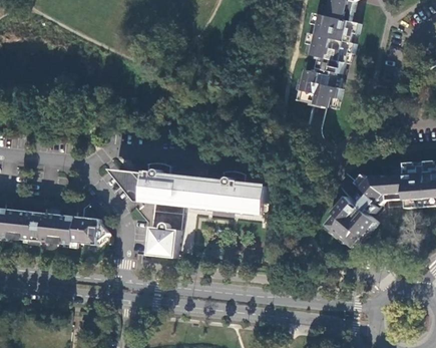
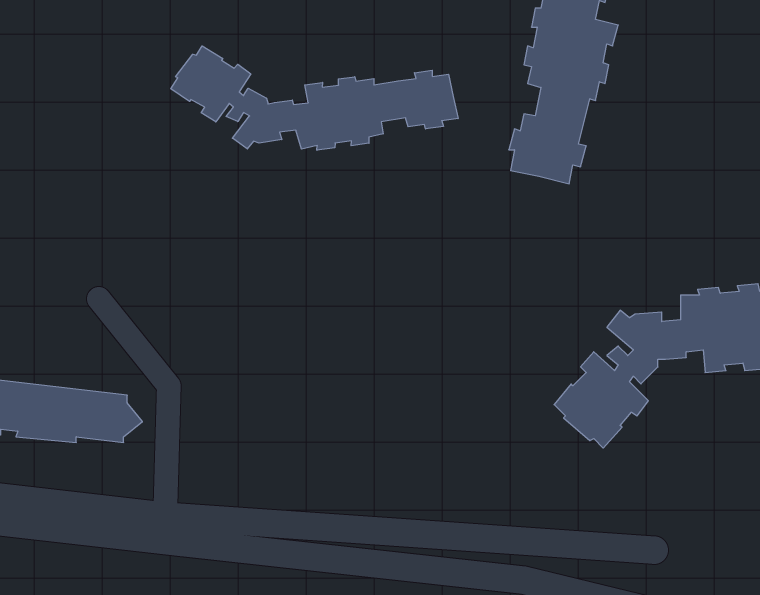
building: none -> [171,46,458,150]
building: [116,165,269,260] -> none

